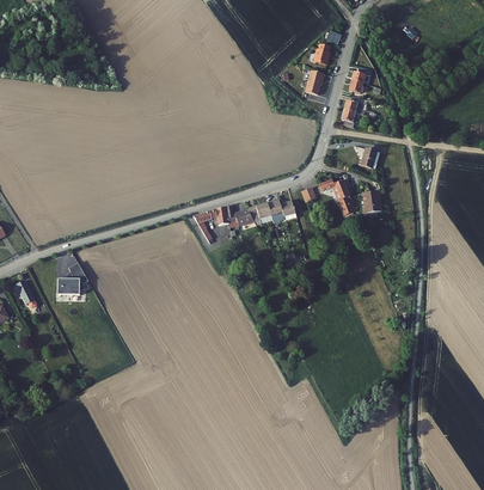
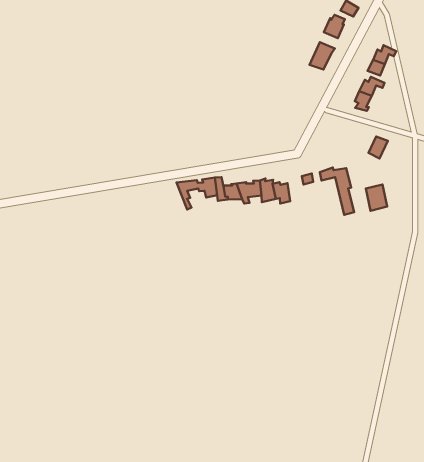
building: [54,262,84,295] -> none

